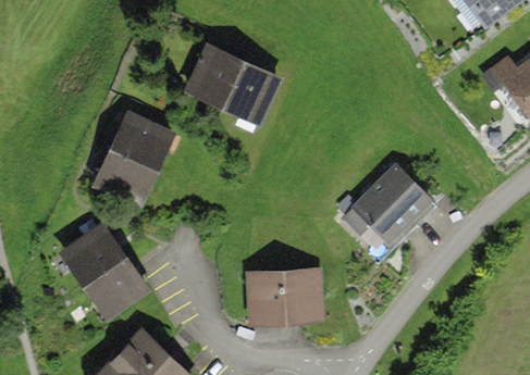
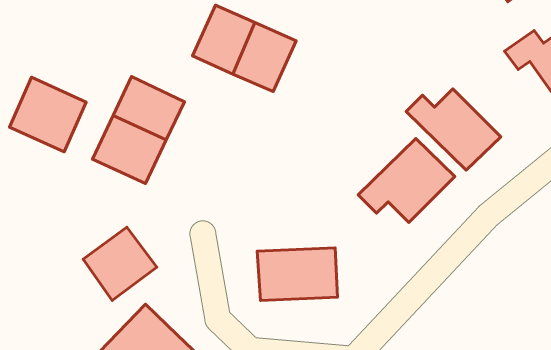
building: none -> [10,77,86,152]
building: none -> [406,89,501,170]
building: [59,218,123,280] -> none

